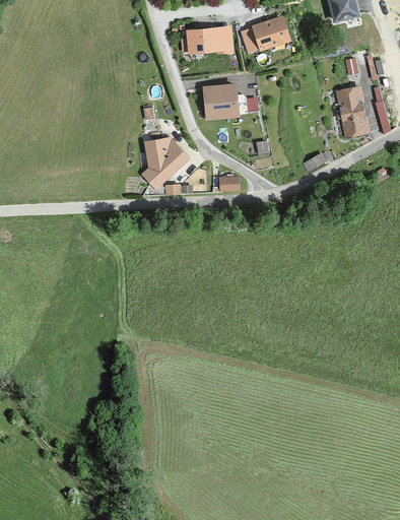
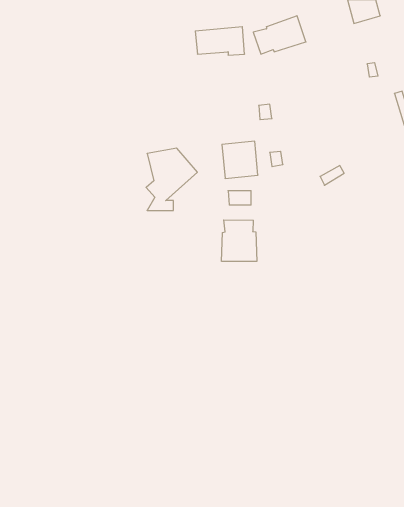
building: [203,84,237,119] -> [222,141,258,178]
building: [334,86,369,138] -> none
building: none -> [222,220,257,261]

